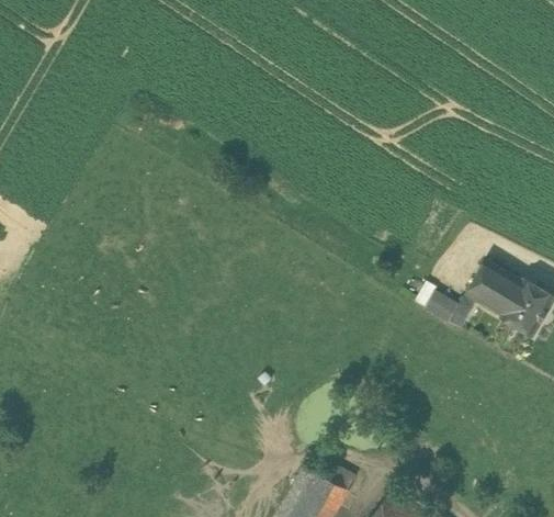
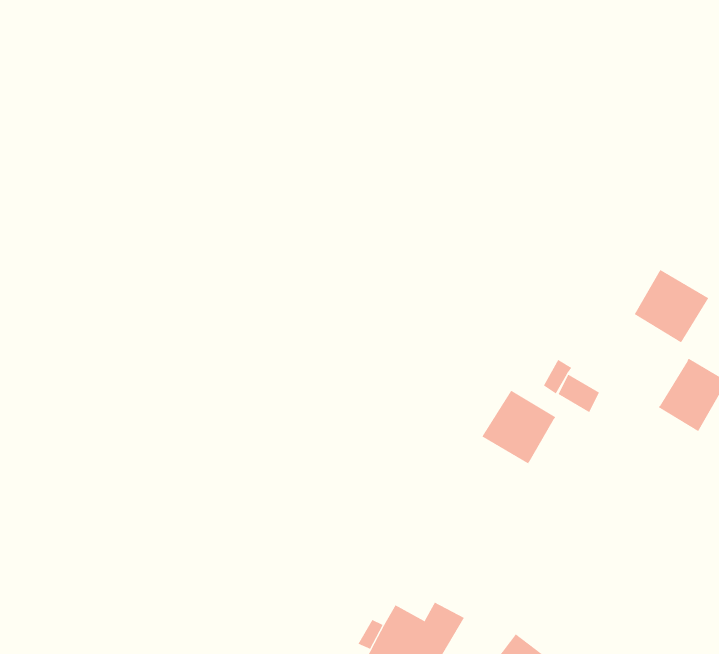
building: [467,262,524,318] -> [634,269,709,343]
building: none -> [481,390,556,465]

